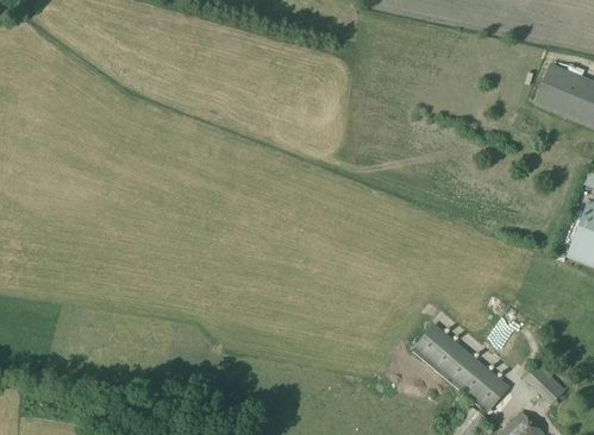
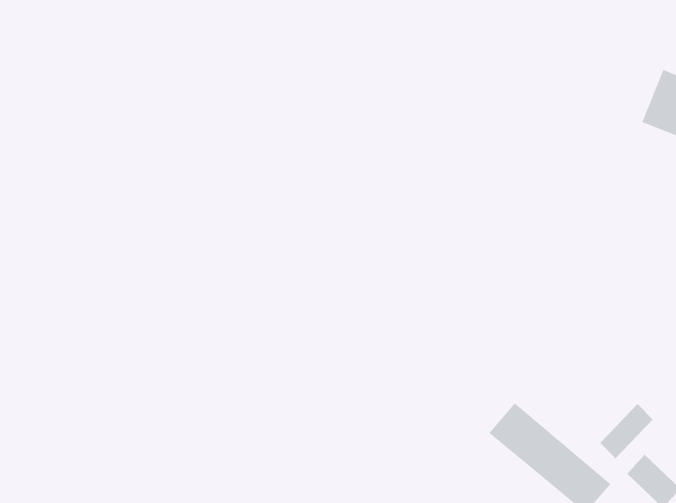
building: none -> [599,403,654,459]

